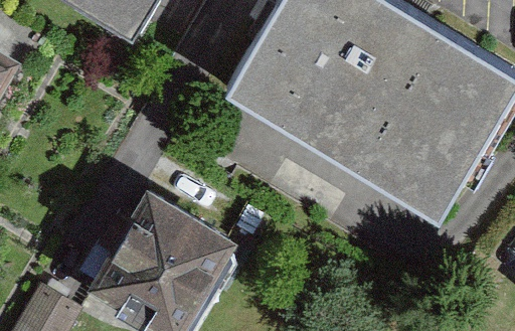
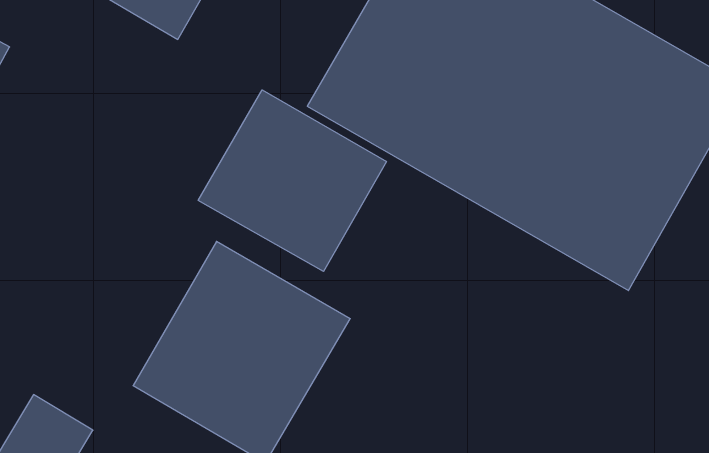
building: none -> [198,90,386,271]

